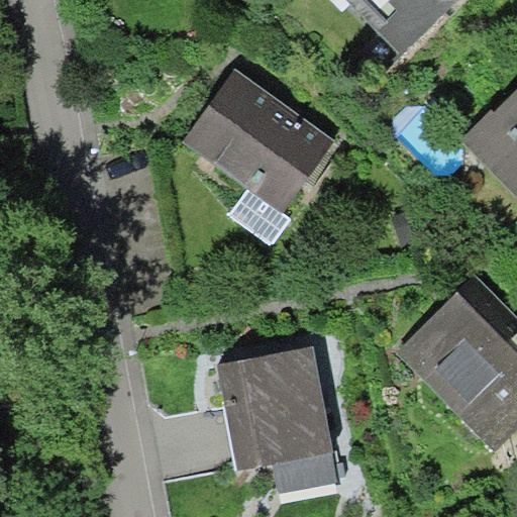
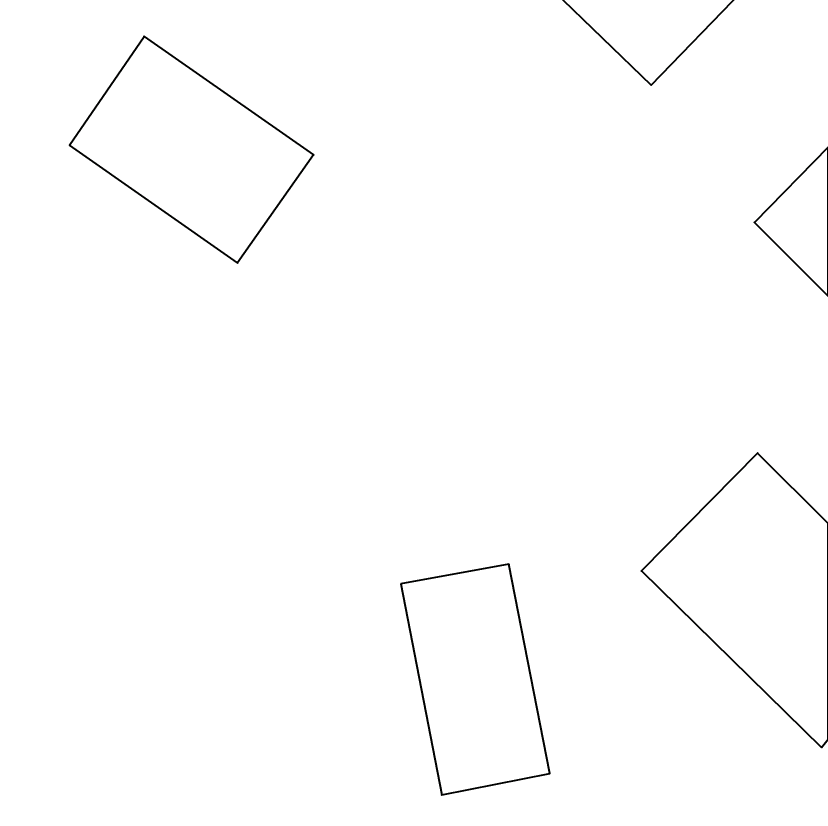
building: none -> [70,36,314,263]
building: [176,66,341,219] -> none

